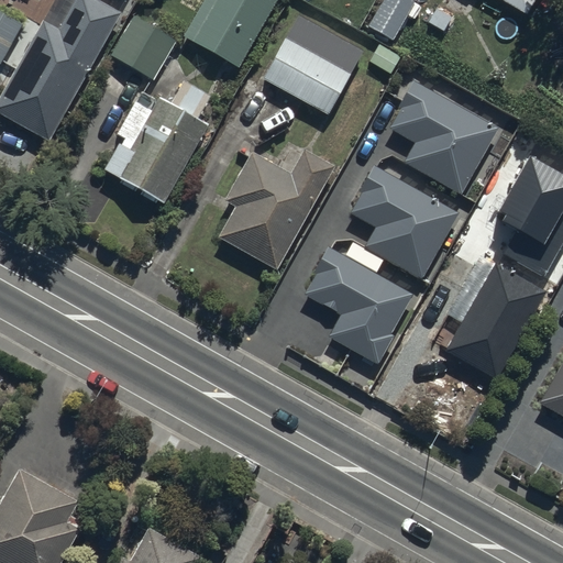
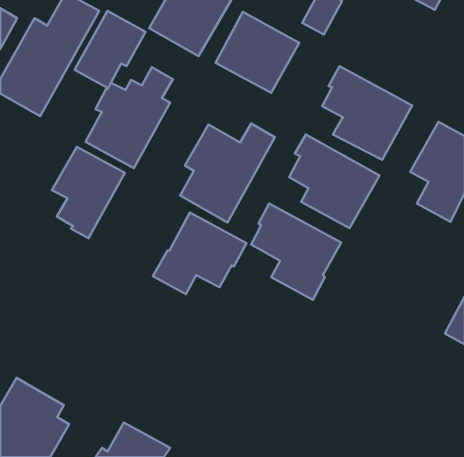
building: none -> [52,147,125,238]
building: none -> [153,213,247,294]
building: [443,261,548,383] -> none

